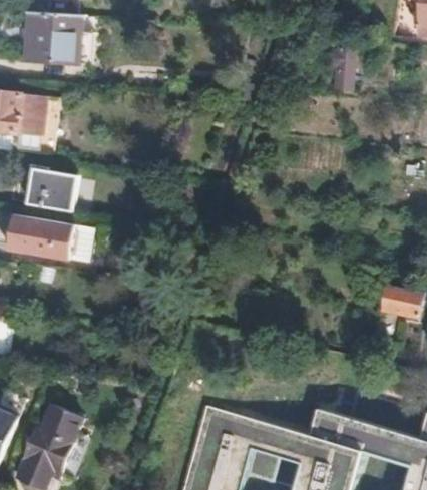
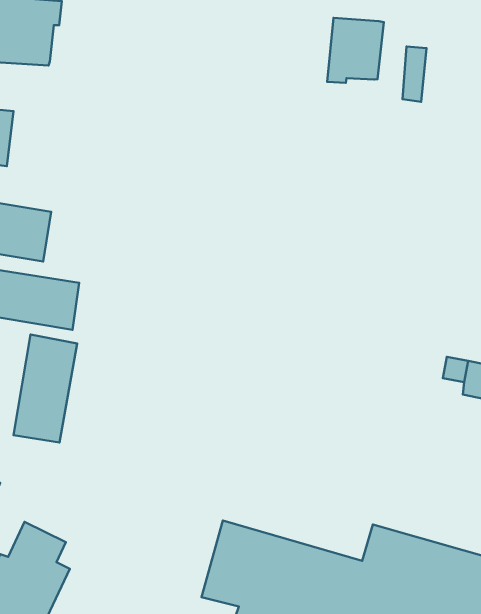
building: none -> [327,18,384,83]
building: none -> [14,334,77,443]

